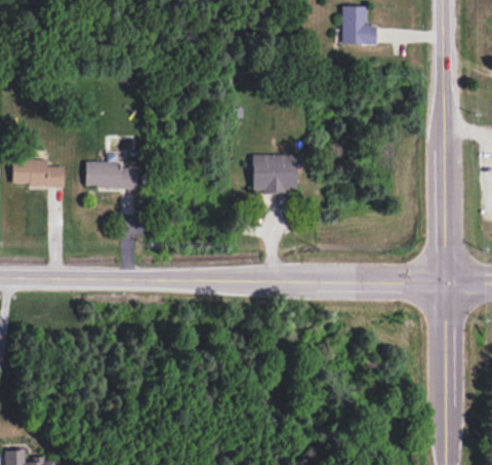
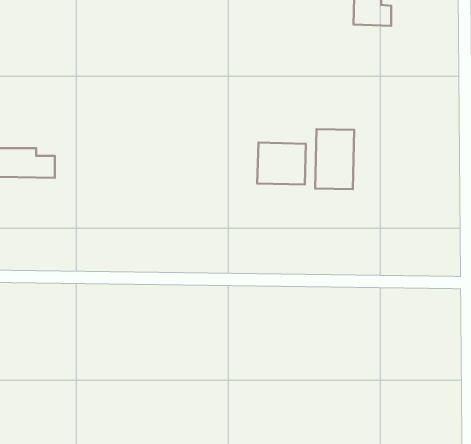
building: none -> [315,129,354,189]
building: [85,161,138,189] -> none

